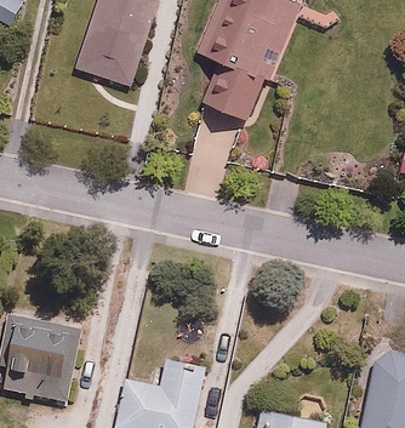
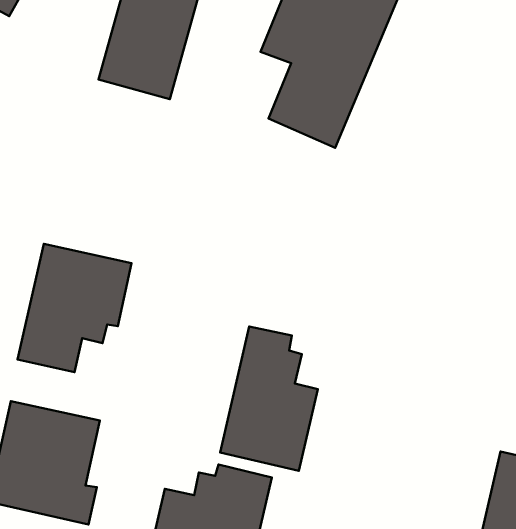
building: none -> [18,244,131,372]
building: none -> [220,327,318,471]

